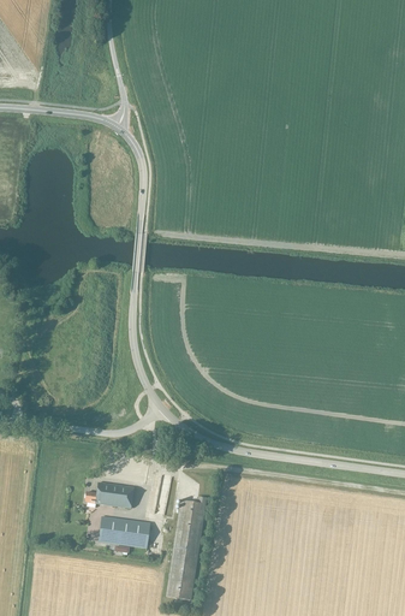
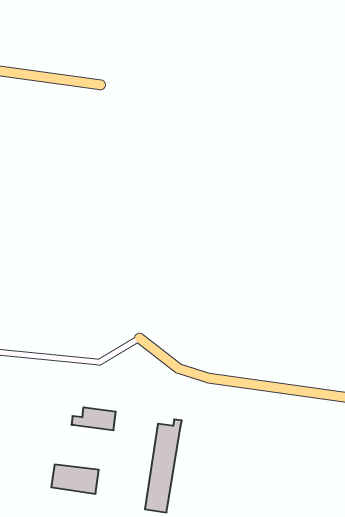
building: [97,516,150,549] -> [51,465,99,494]

